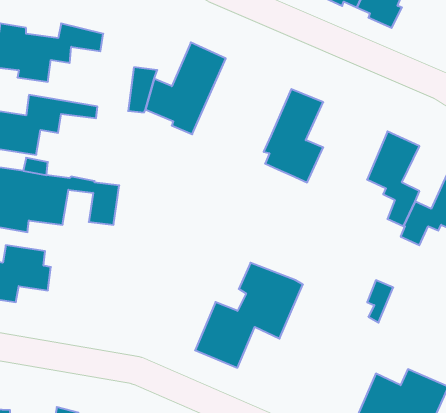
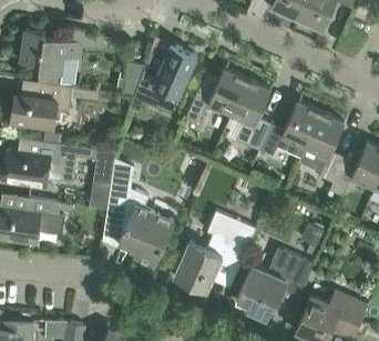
building: none -> [186,68,247,123]
building: none -> [259,100,320,157]
building: none -> [105,158,174,264]
building: none -> [237,247,314,319]

